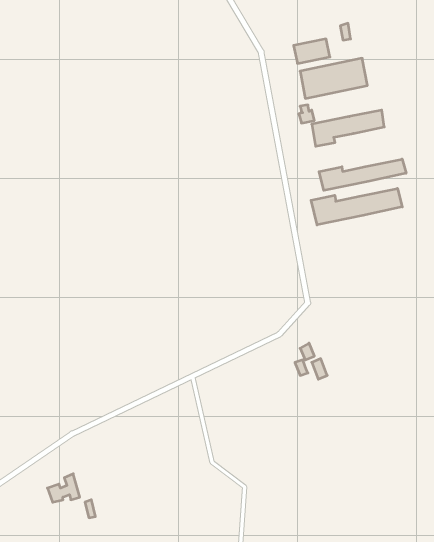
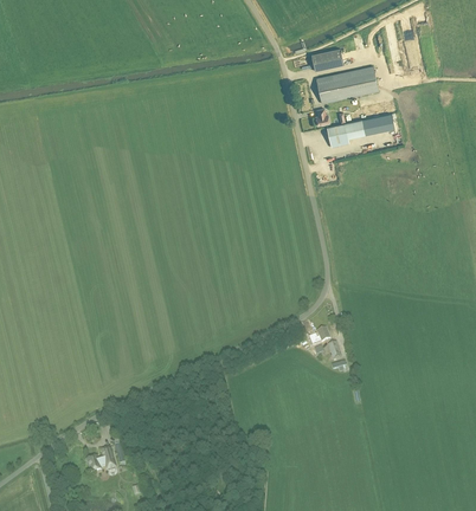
building: [319,159,406,190] -> none
building: [311,188,402,225] -> none

